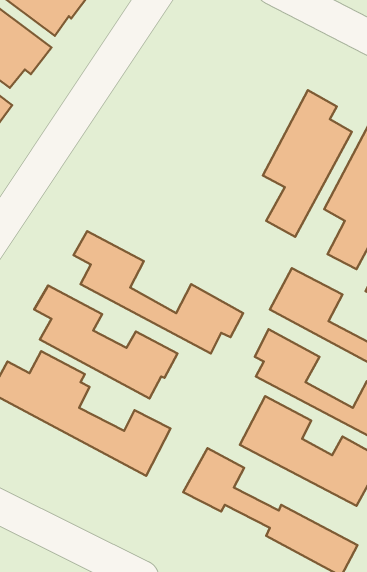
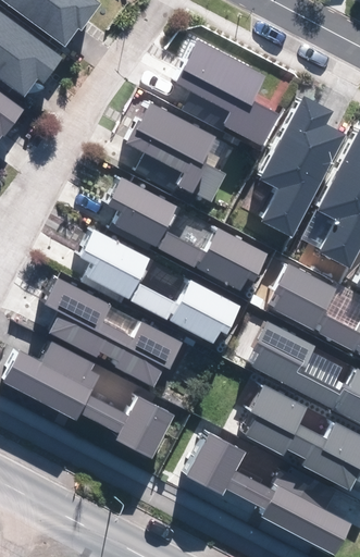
building: none -> [176,40,277,144]
building: none -> [128,103,224,199]
building: none -> [109,176,269,292]

